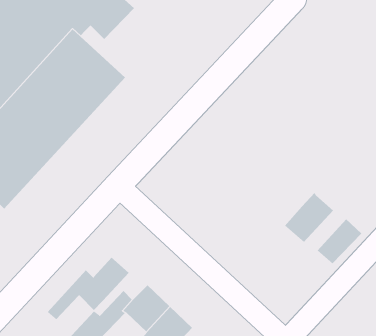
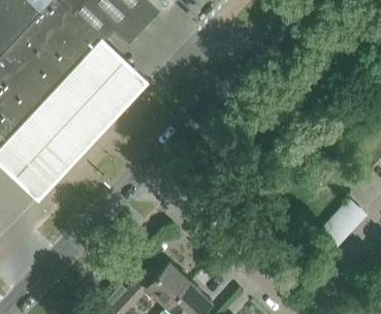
building: [284,192,334,243] -> none
building: [47,257,129,320] -> none

